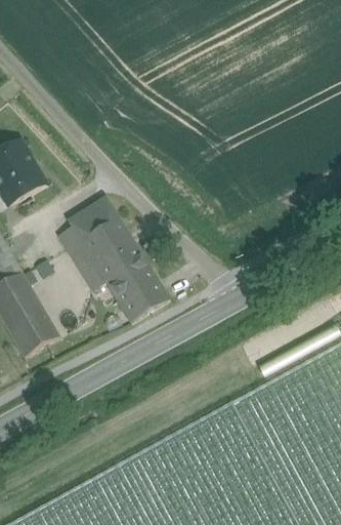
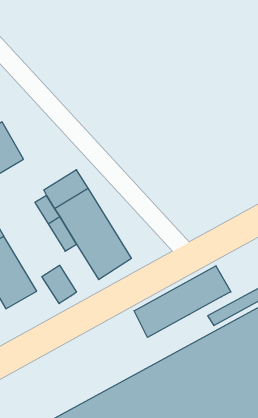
building: none -> [42,265,76,304]
building: none -> [134,266,231,337]

